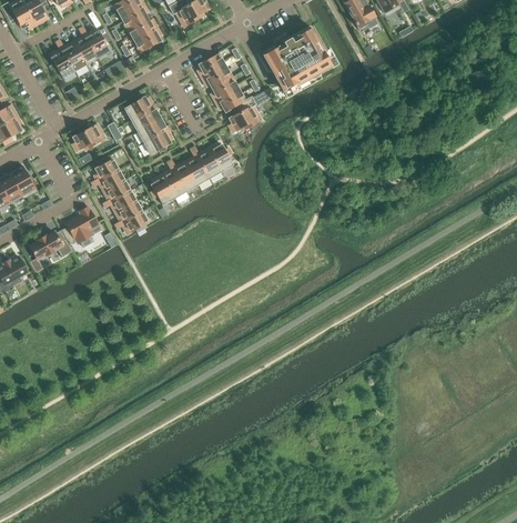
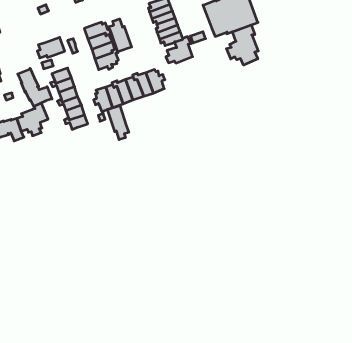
building: none -> [226,25,258,65]
building: none -> [109,19,132,52]
building: none -> [18,68,52,106]
building: none -> [107,106,129,140]

